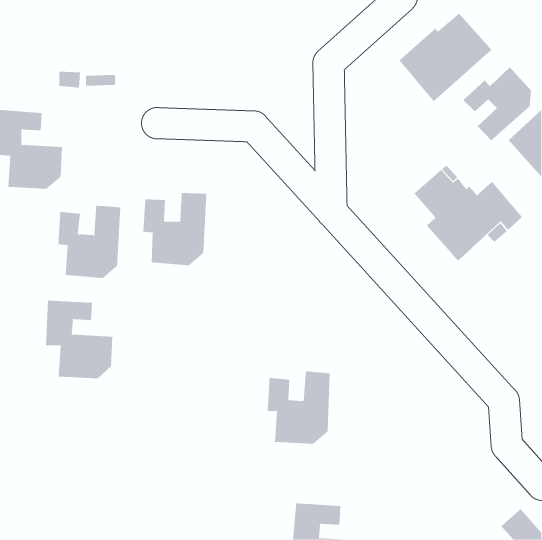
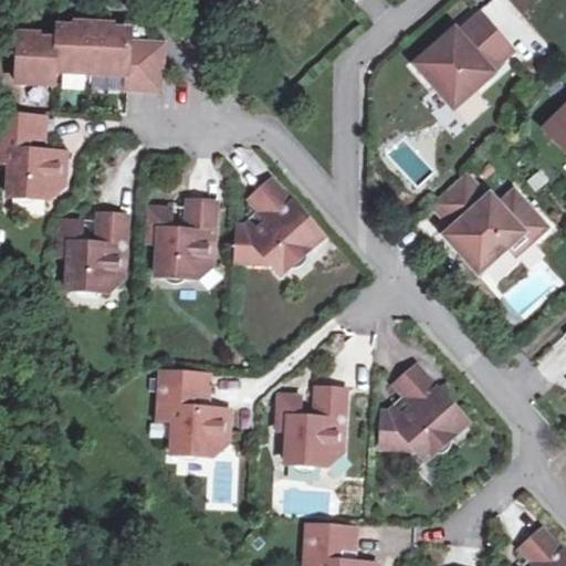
building: none -> [17,21,160,88]
building: [463,67,531,141] -> none
building: none -> [237,179,322,271]
building: [45,300,113,379] -> [158,370,229,452]
building: none -> [381,364,467,458]

